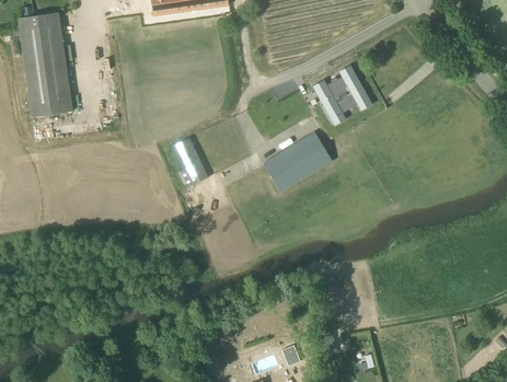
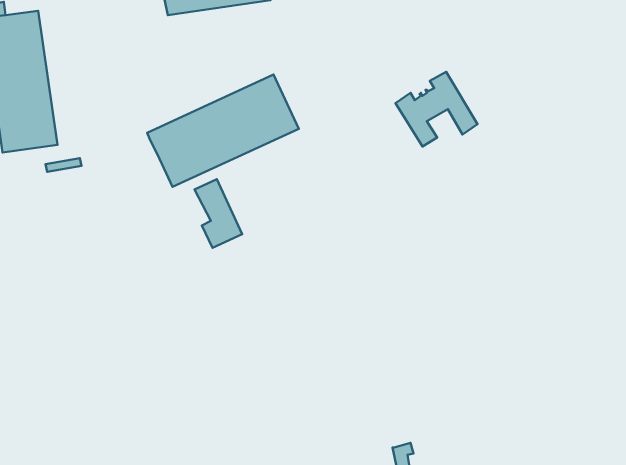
building: none -> [147,75,299,187]
building: [264,132,332,192] -> none

